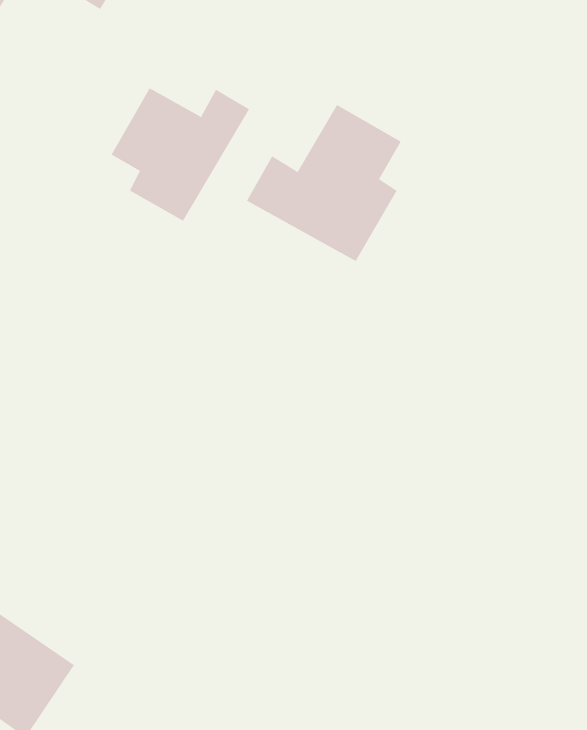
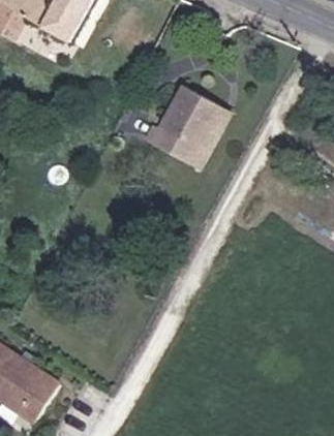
building: [111,87,250,221] -> none

